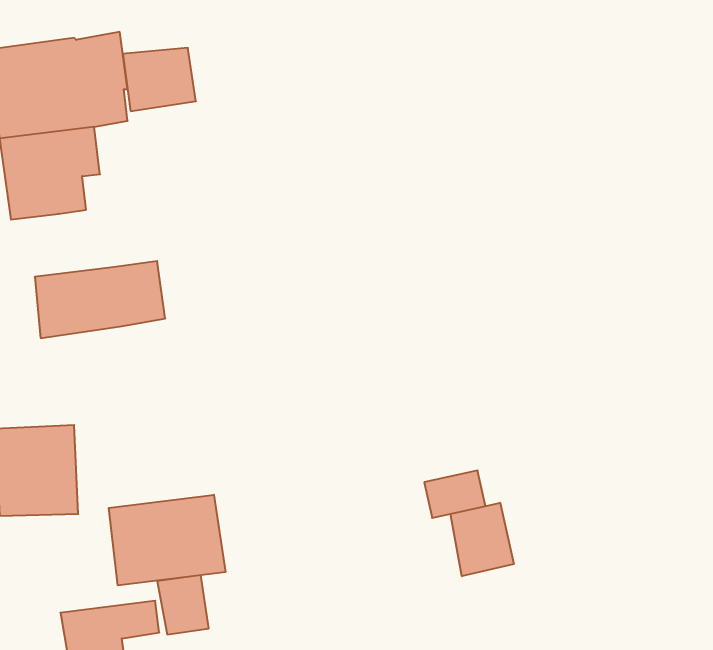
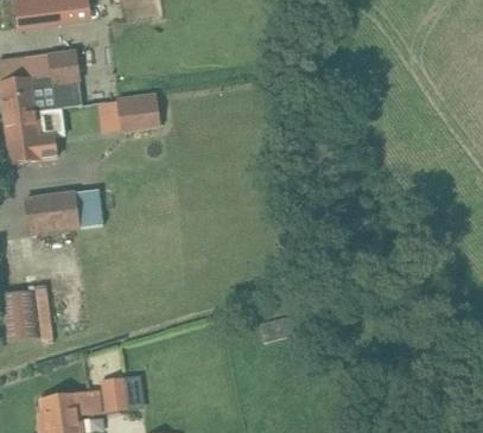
building: [123,48,196,111] -> [116,100,160,138]
building: [109,495,225,585] -> none
building: [451,503,514,576] -> none

